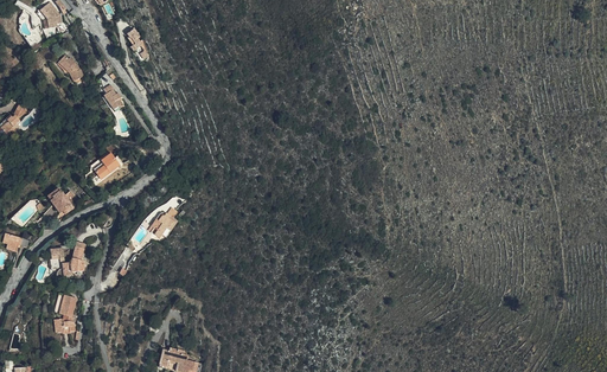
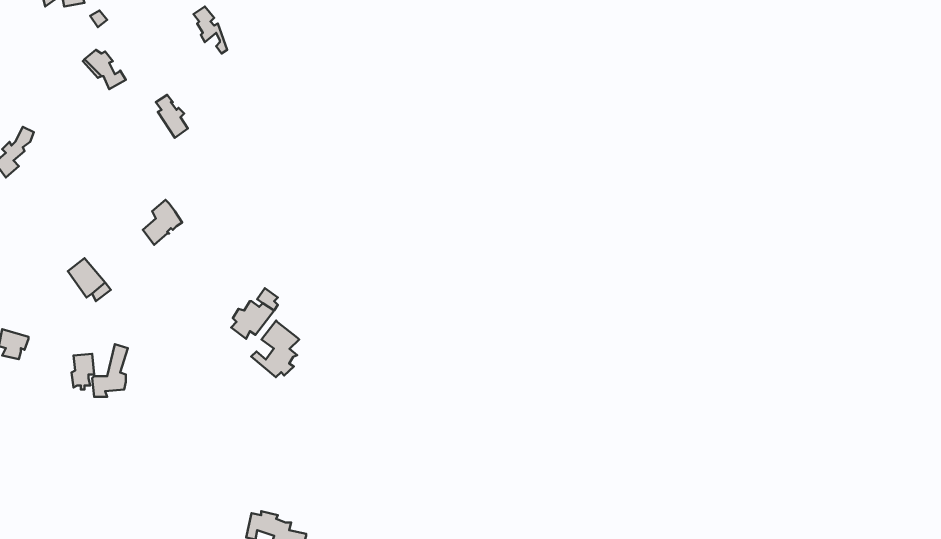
building: none -> [251,320,299,377]
building: [55,293,76,333] -> none

